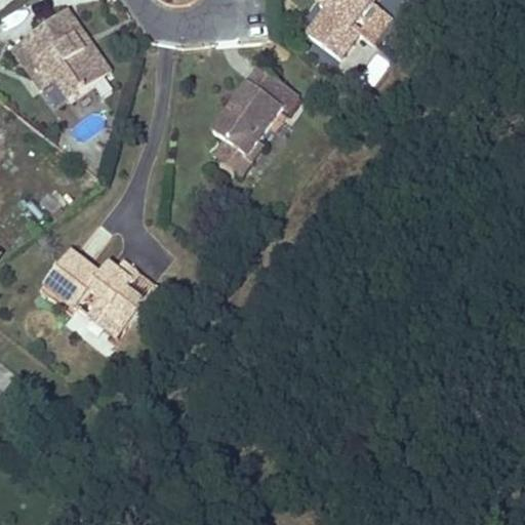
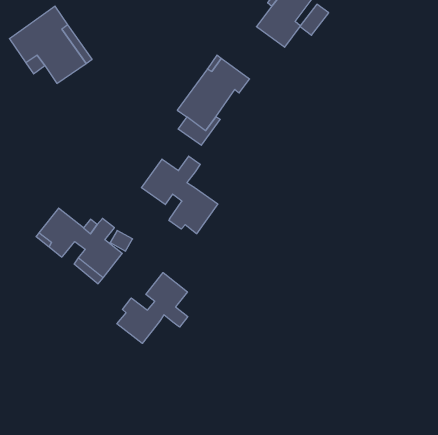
building: none -> [141,156,218,234]
building: none -> [117,273,188,343]

